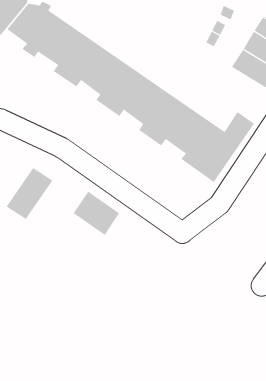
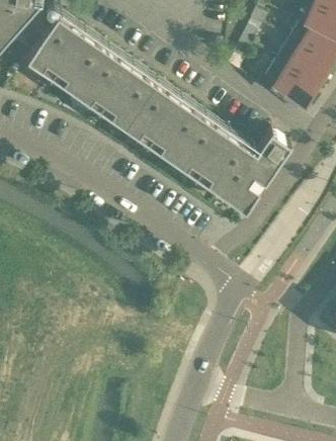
building: [6,167,53,220] -> none
building: [73,191,120,236] -> none

